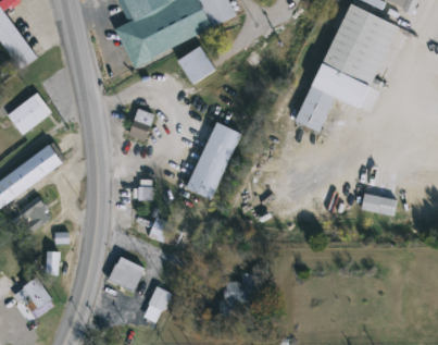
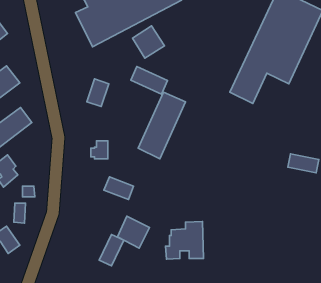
building: none -> [131,67,167,94]
building: [109,254,146,291] -> [117,216,150,248]

